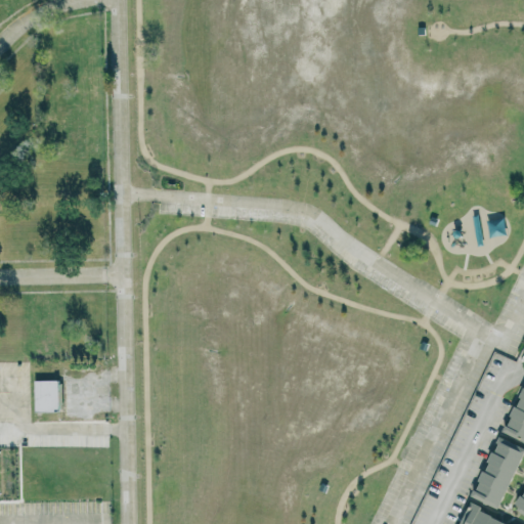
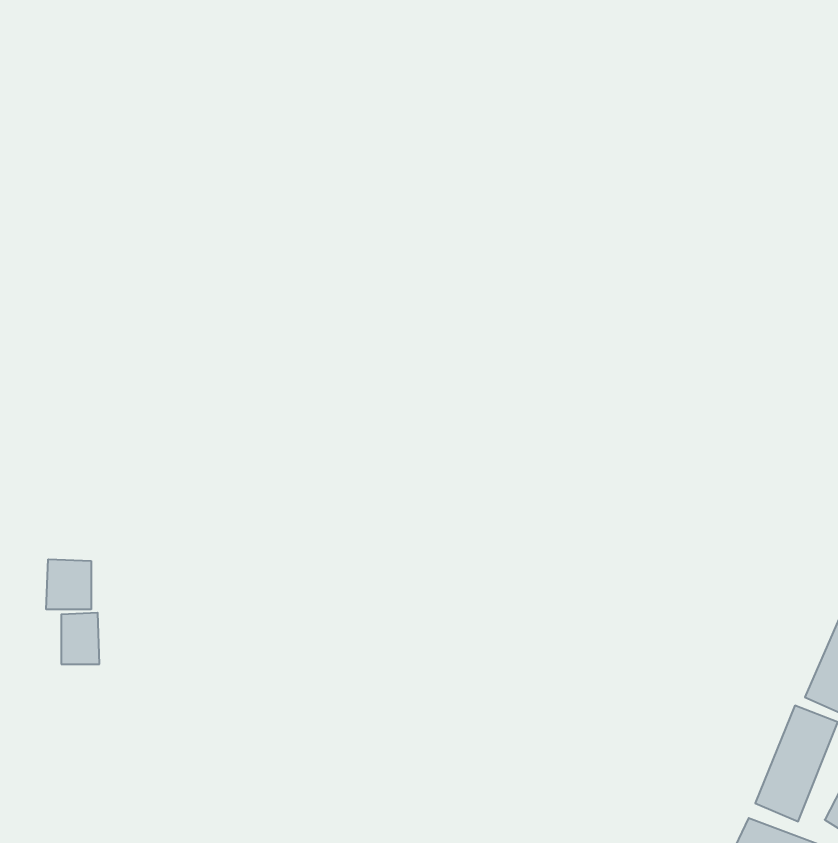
building: none -> [46,559,91,609]

